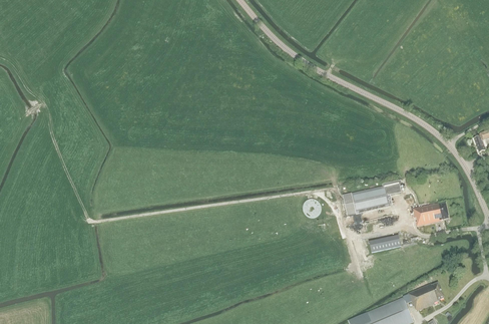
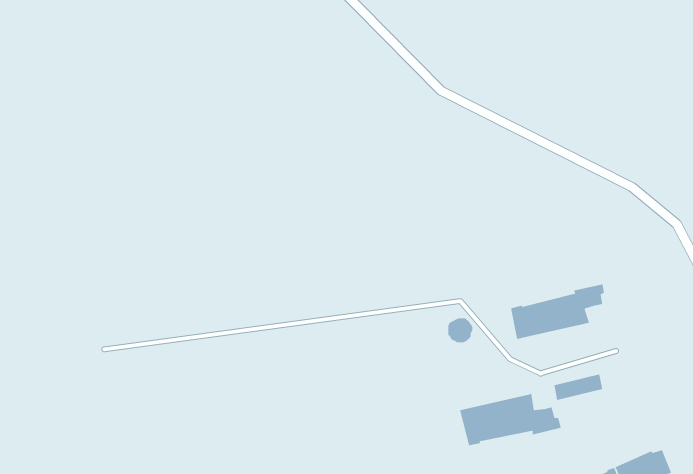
building: [413,202,449,225] -> none
building: none -> [459,392,562,446]

